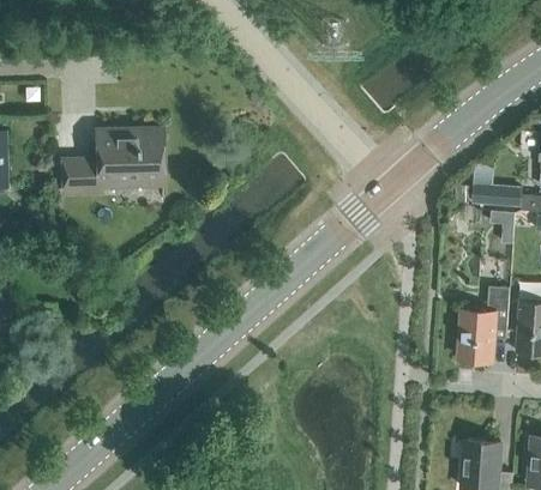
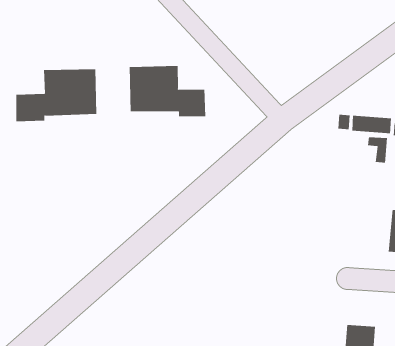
building: none -> [129,65,206,117]
building: [457,286,510,361] -> none

